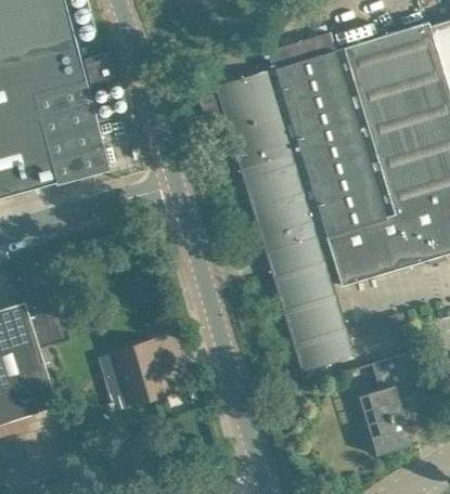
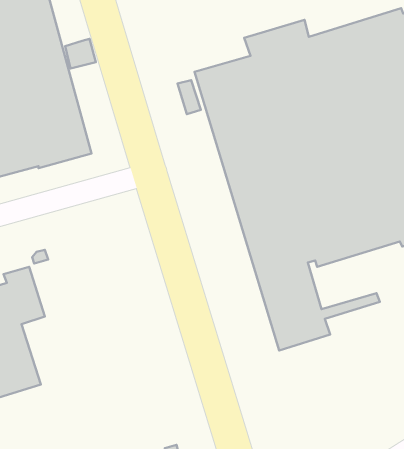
building: [98,338,168,410] -> none
building: [357,352,420,454] -> none

